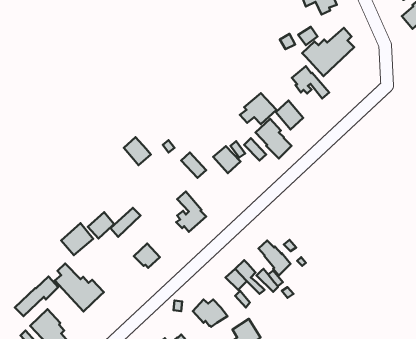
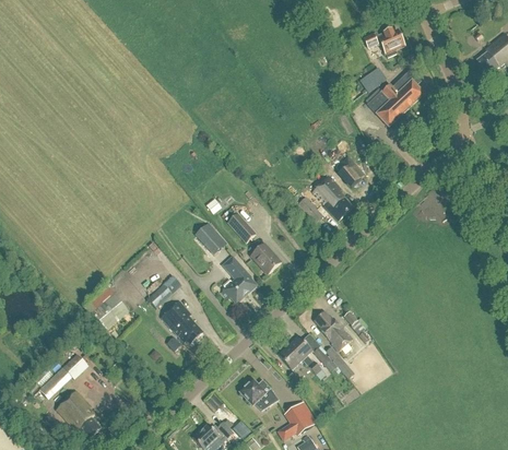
building: [292,66,329,98] -> none
building: [240,93,276,124] -> none
building: [124,137,151,165] -> [197,222,227,253]
building: [213,146,240,173] -> [250,245,281,275]
building: [88,212,114,238] -> [162,300,191,330]
building: [55,264,104,312] -> none

